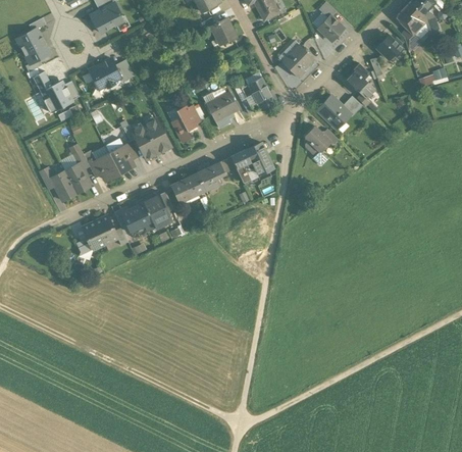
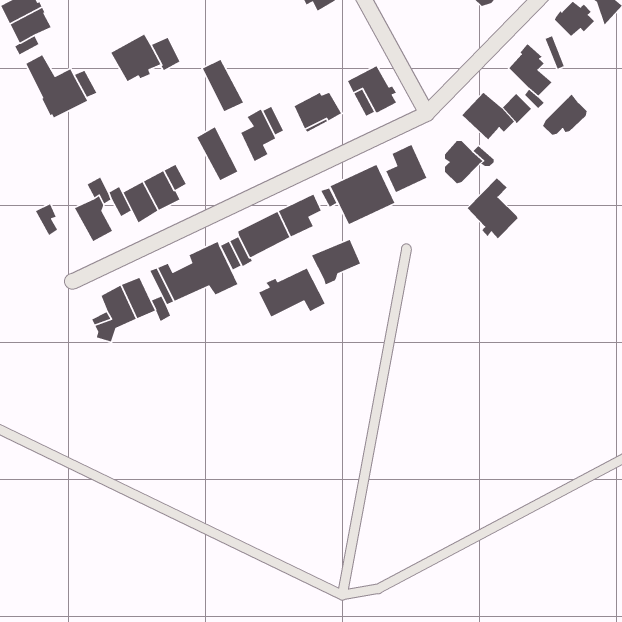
building: [283,44,313,78] -> none
building: none -> [542,94,588,136]
building: [132,124,159,159] -> [202,59,244,112]
building: none -> [385,144,427,193]
building: none -> [467,178,519,239]
building: [50,170,76,200] -> none
building: none -> [311,239,361,286]
building: none -> [258,268,326,317]

